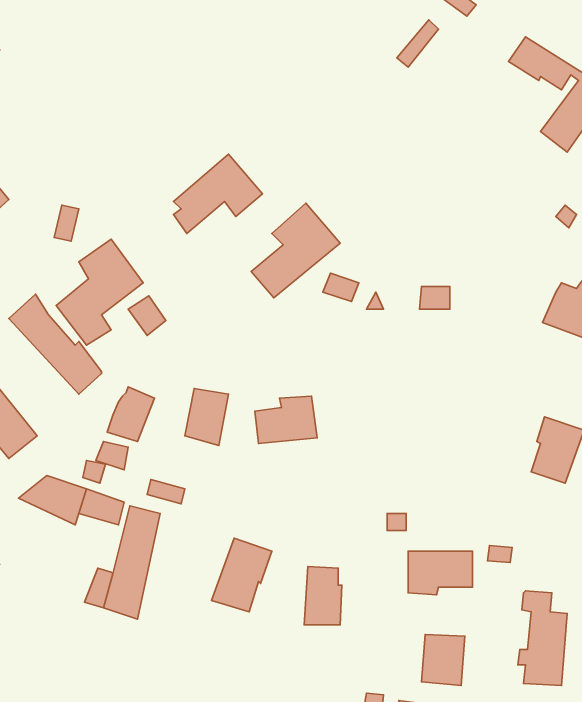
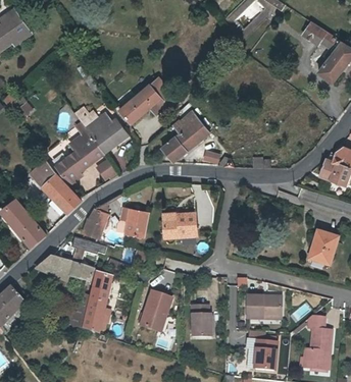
building: none -> [86,119,128,153]

